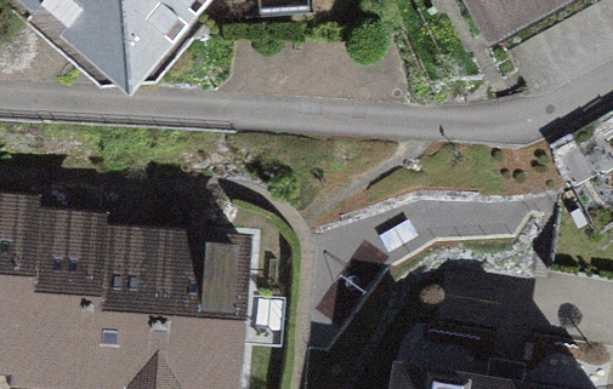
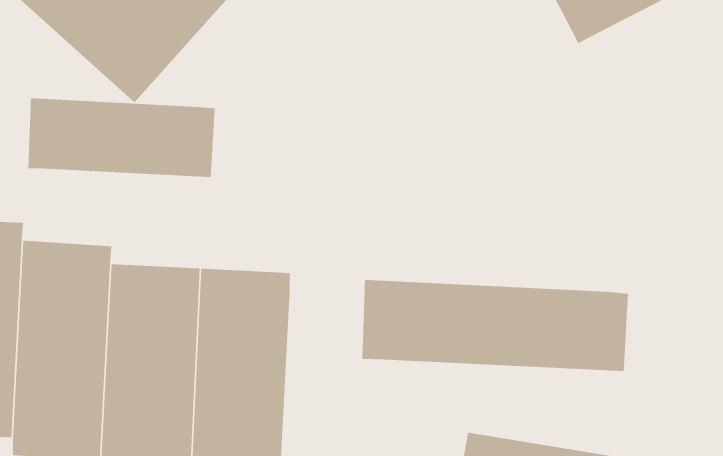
building: none -> [28,98,215,178]
building: none -> [362,279,628,372]

